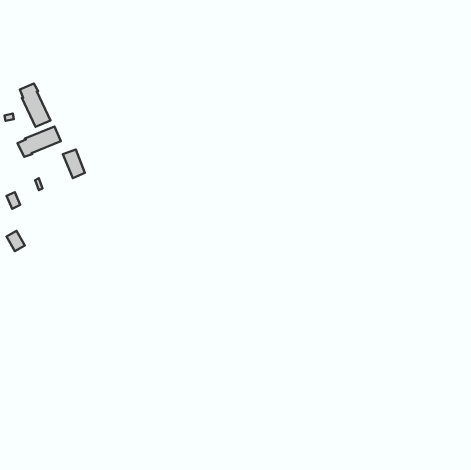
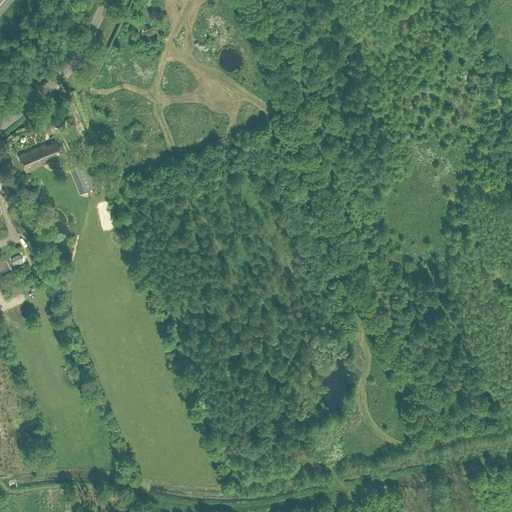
building: [20,84,51,127] -> none

